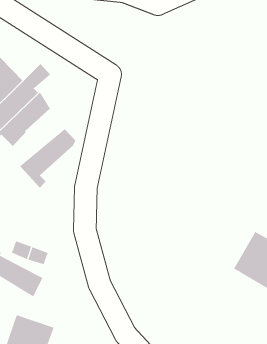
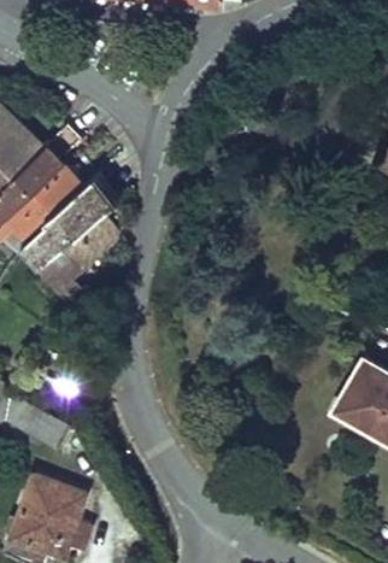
building: none -> [20,177,113,266]

